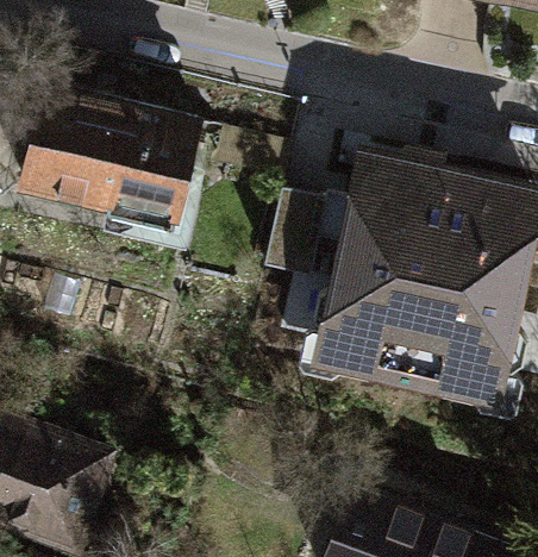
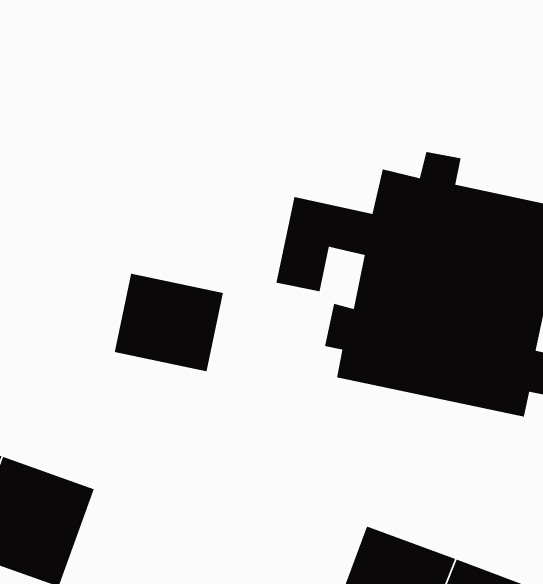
building: [30,99,199,237] -> none
building: none -> [114,273,224,372]

